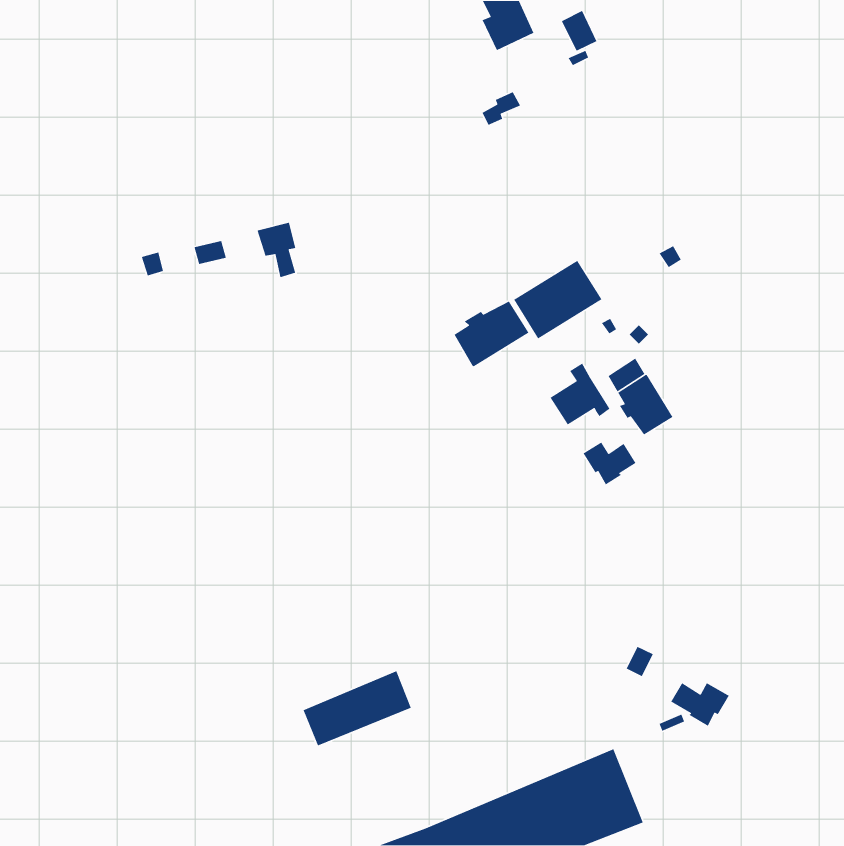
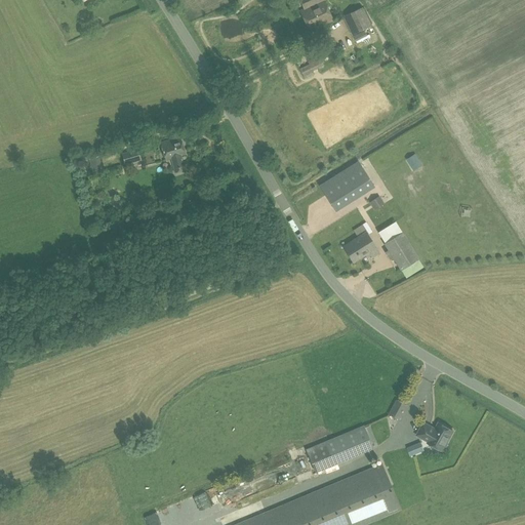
building: [454,300,529,367] -> none
building: [583,441,636,485] -> none
building: [303,670,412,746] -> [305,426,372,473]

